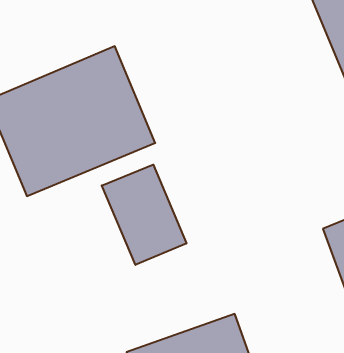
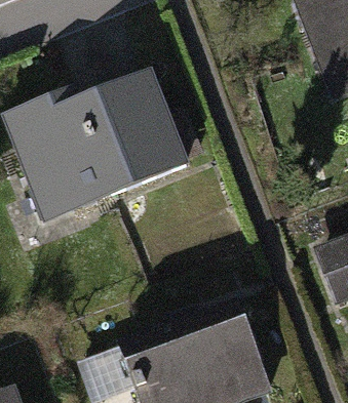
building: [102,165,186,265] -> none

